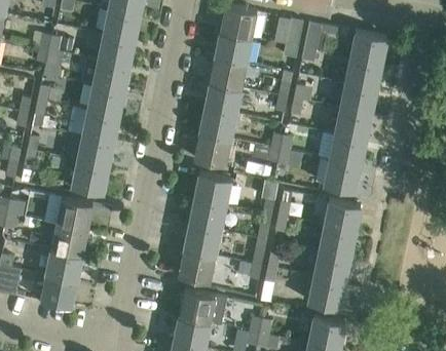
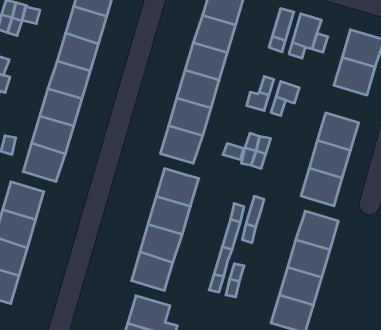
building: [340,83,376,115] -> none

